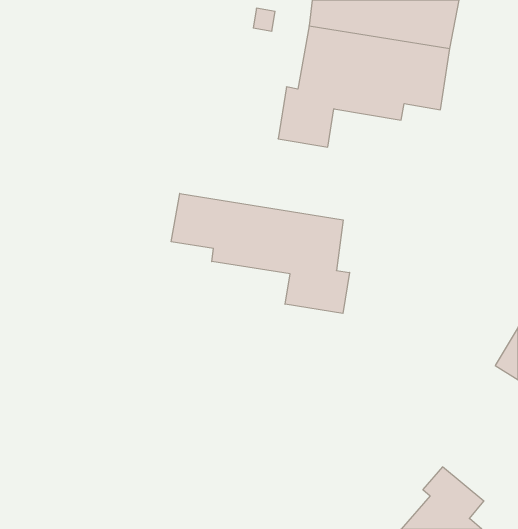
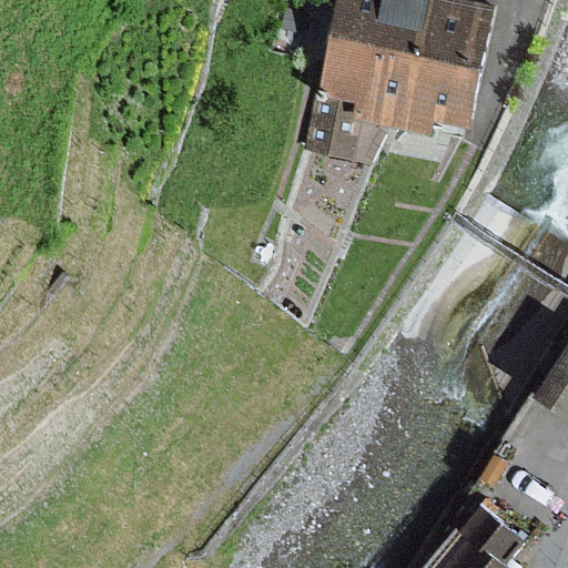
building: [171,193,350,313] -> none

